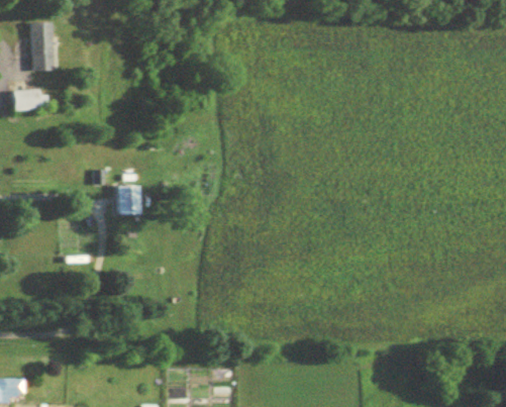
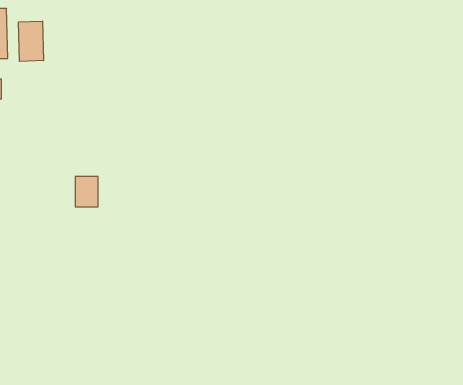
building: none -> [19,21,43,61]

